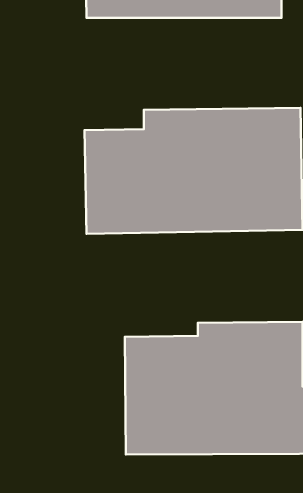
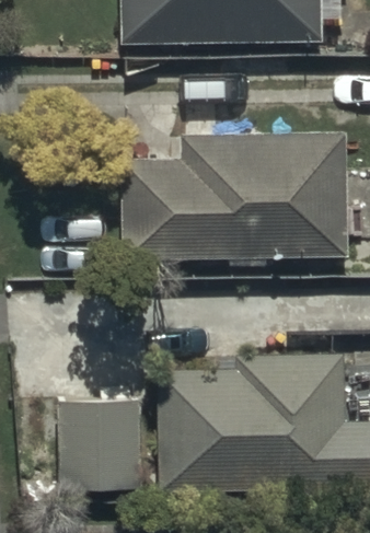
building: none -> [57,401,139,488]

